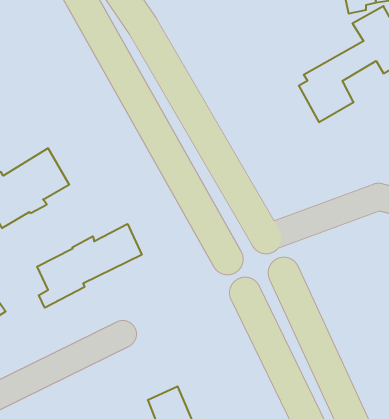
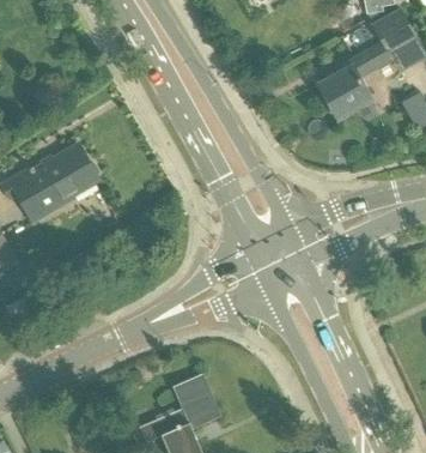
building: [37,224,142,308] -> none

